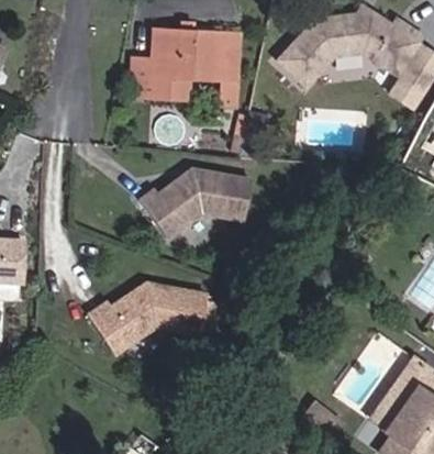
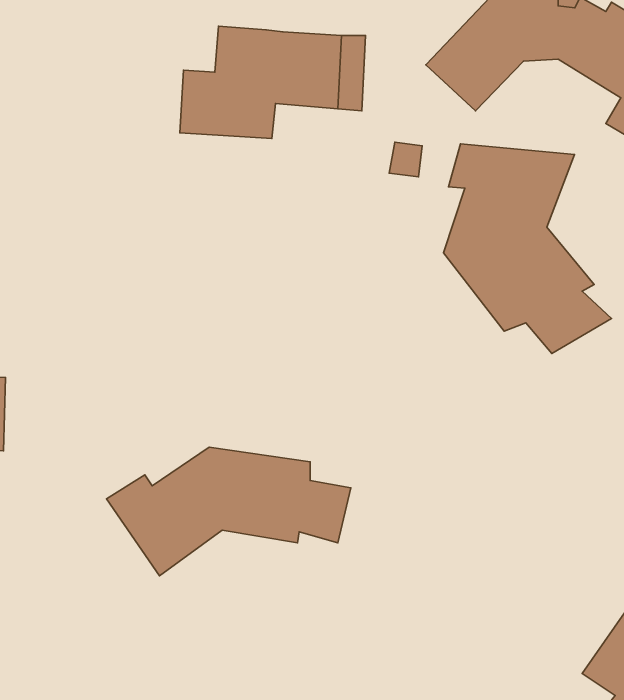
building: none -> [443,144,612,354]
building: [138,168,252,241] -> none

